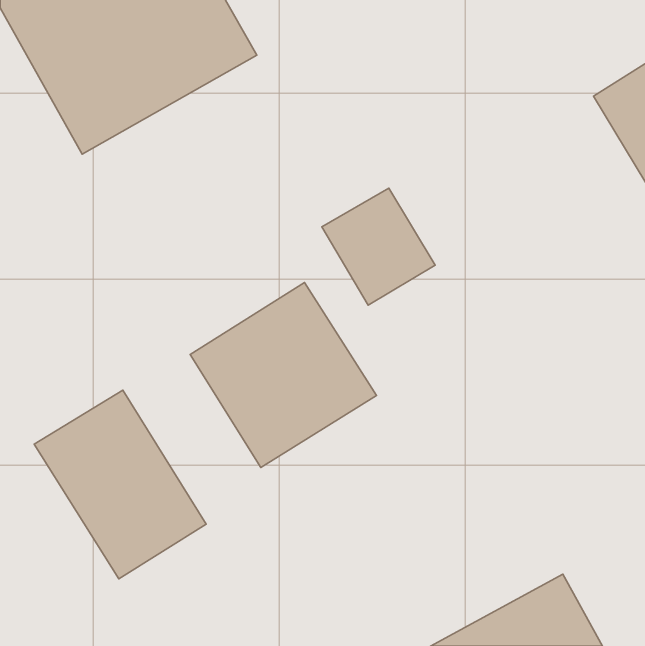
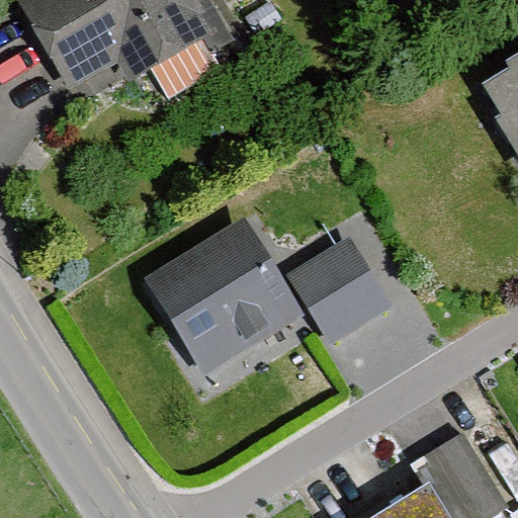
building: [322,188,435,305] -> [305,242,394,334]
building: [34,390,206,579] -> none

